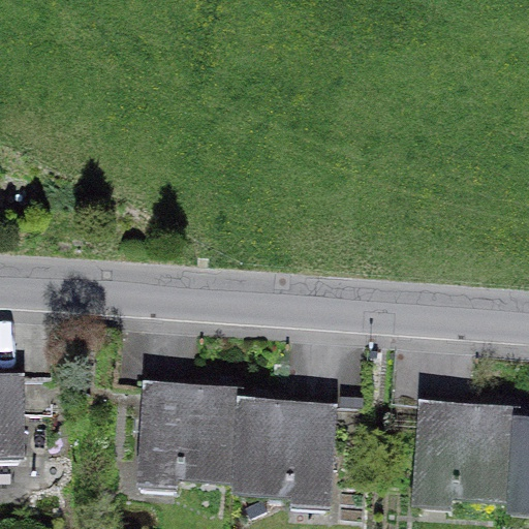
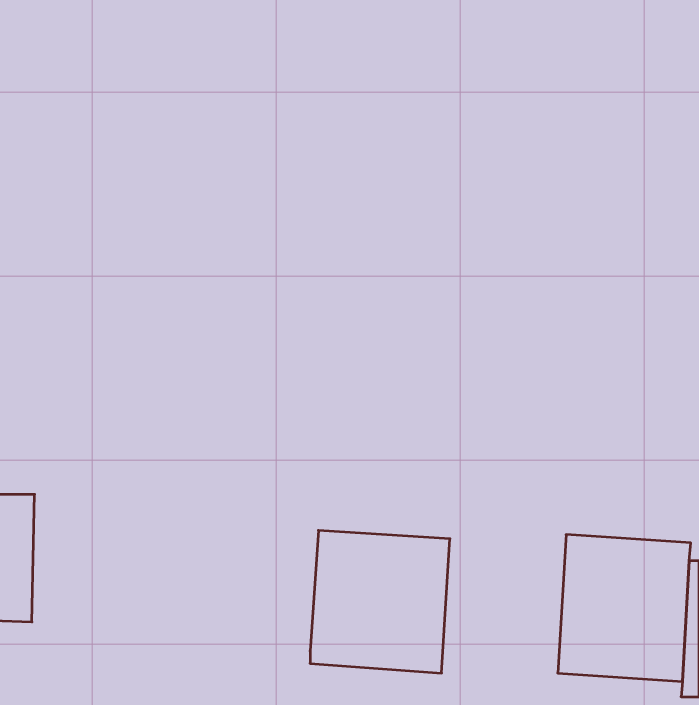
building: [137,379,239,488] -> none

